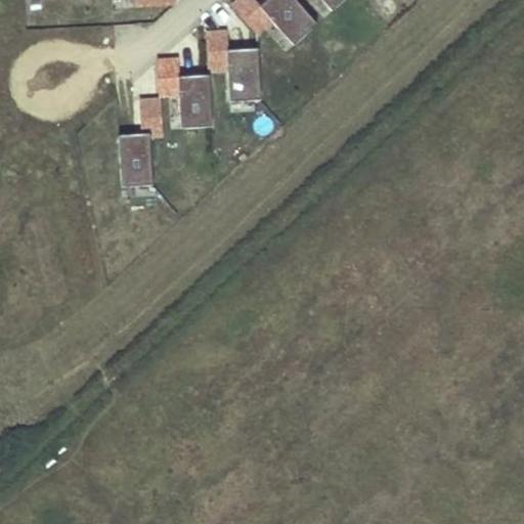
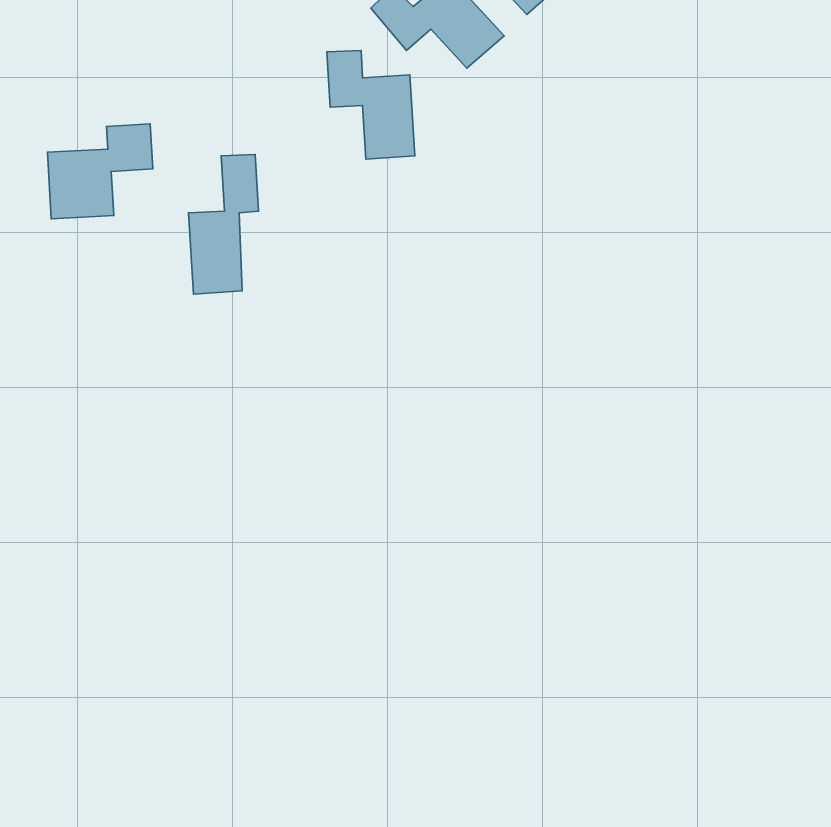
building: [158,55,213,128] -> none
building: none -> [47,124,153,219]

